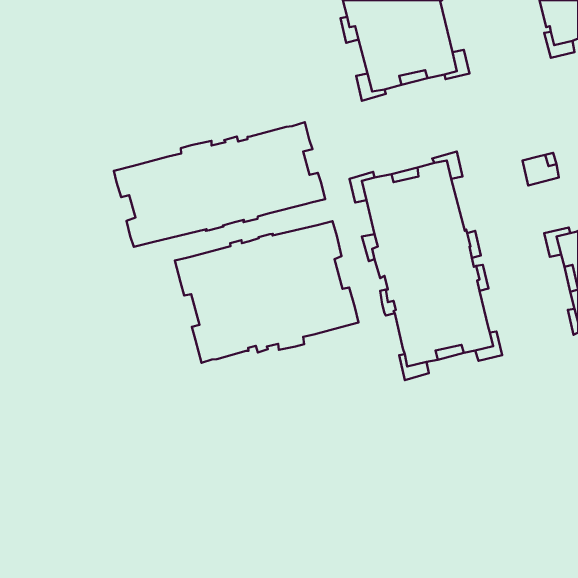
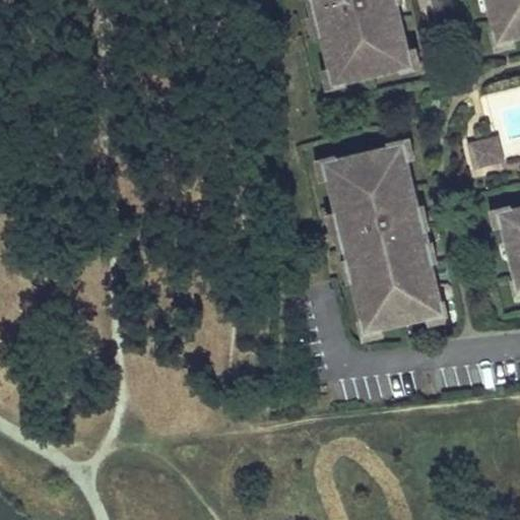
building: [114,122,325,247] -> none
building: [175,221,358,363] -> none

